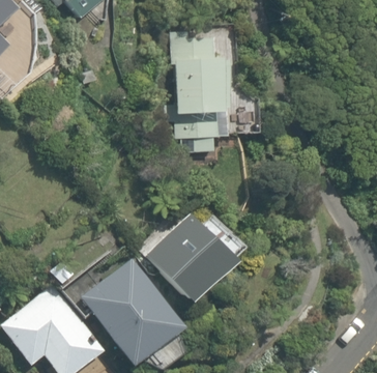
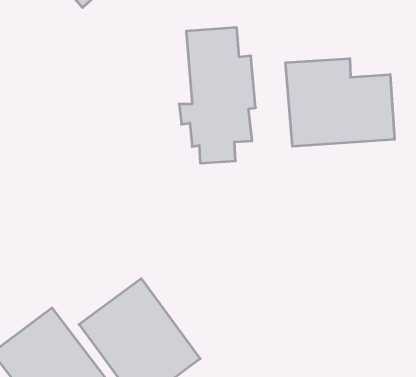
building: none -> [286,58,395,146]
building: [150,214,234,300] -> none

